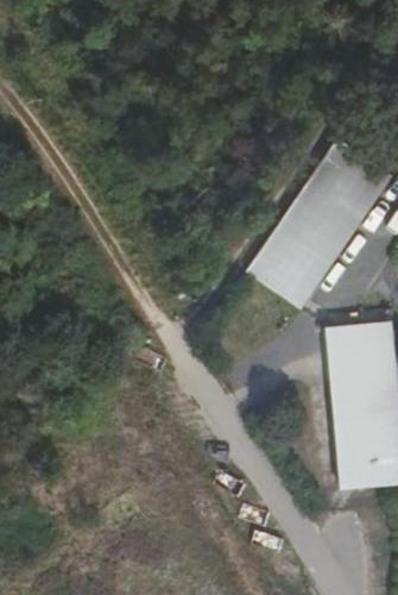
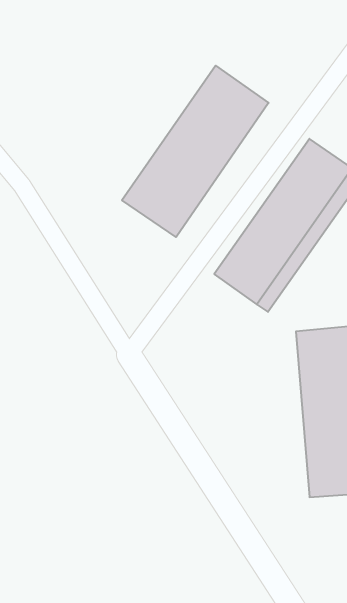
building: none -> [122,66,269,237]

